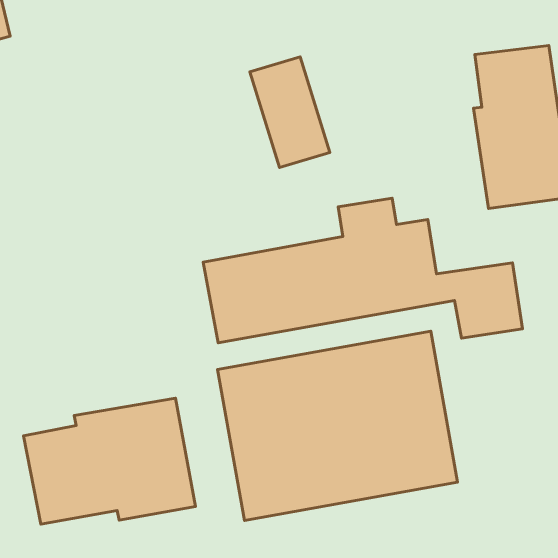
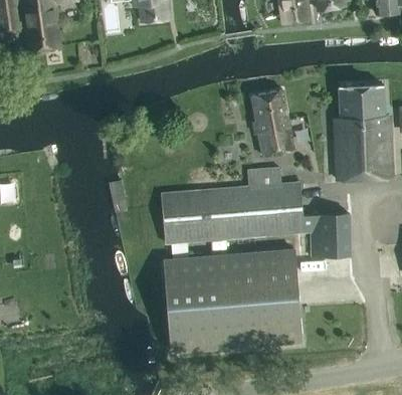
building: [250,57,330,167] -> [251,89,294,155]
building: [23,398,195,524] -> none

